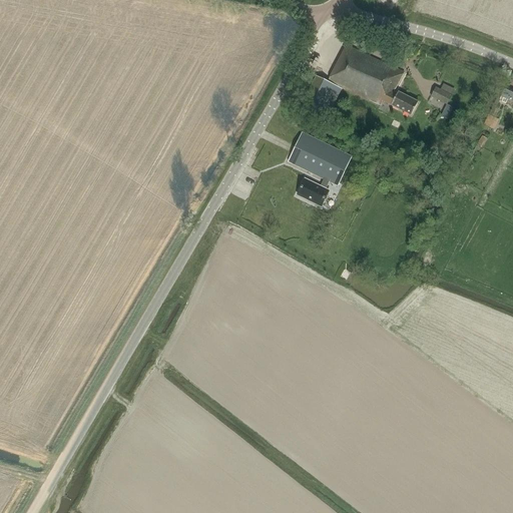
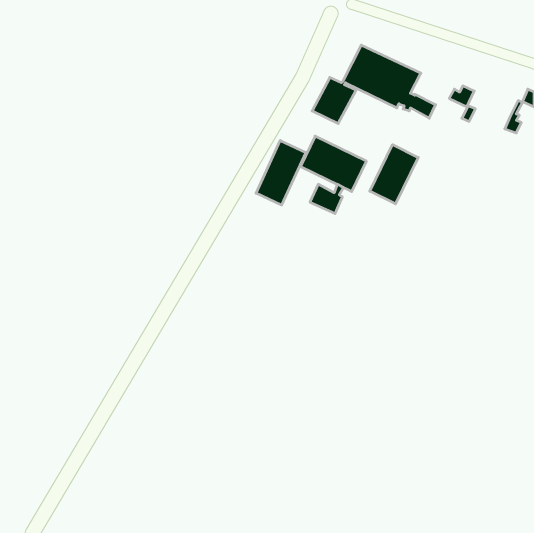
building: none -> [256,140,306,205]
building: none -> [370,145,418,204]

